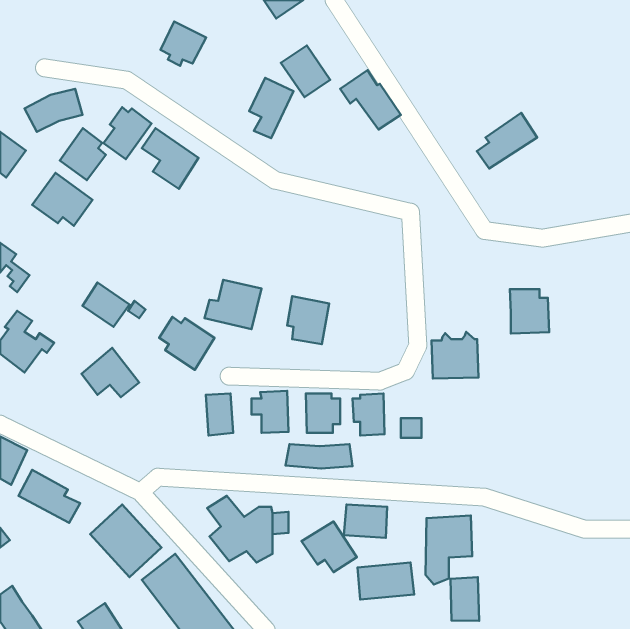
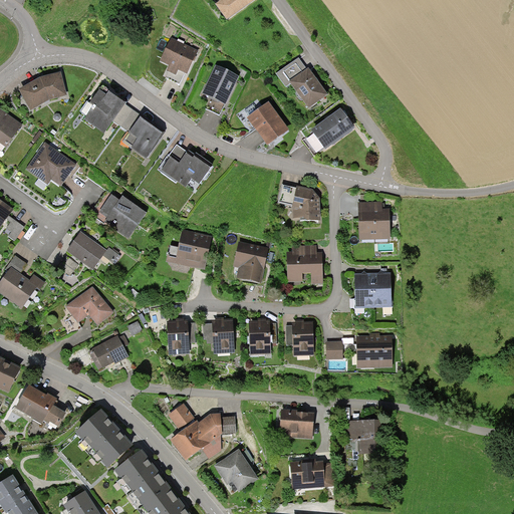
building: [160,21,206,66] -> [161,37,198,73]
building: [281,45,330,97] -> [247,100,287,143]
building: [477,113,537,168] -> [304,108,353,154]
building: [60,128,106,180] -> none
building: none -> [161,142,210,184]
building: none -> [278,184,320,219]
building: [510,289,549,333] -> [358,201,391,237]
building: none -> [287,245,322,287]
building: [159,317,215,370] -> [100,193,146,236]
building: none -> [93,335,130,366]
building: none -> [357,336,394,368]
building: [285,444,352,468] -> none
building: [301,521,357,572] -> [214,449,259,490]
building: [450,577,479,621] -> none

